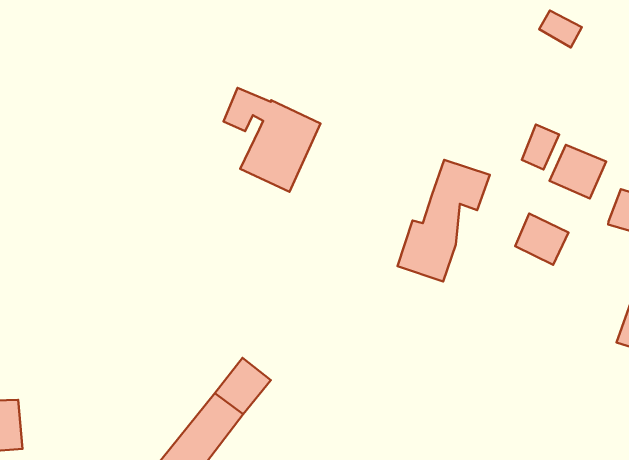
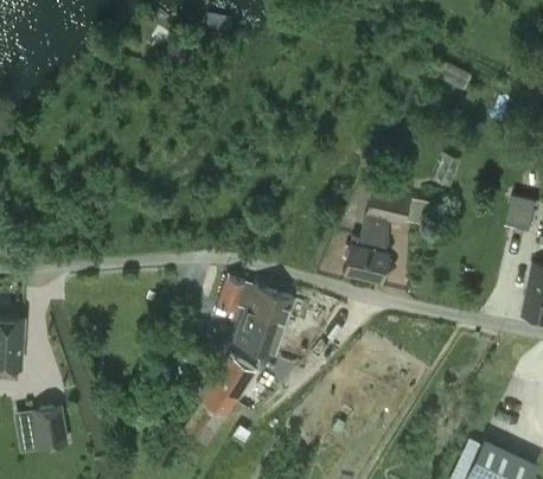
building: [223,88,321,192] -> [217,277,293,355]
building: [550,145,606,199] -> none
building: [515,214,568,265] -> none

